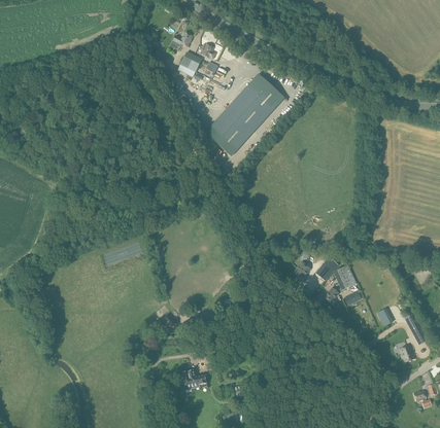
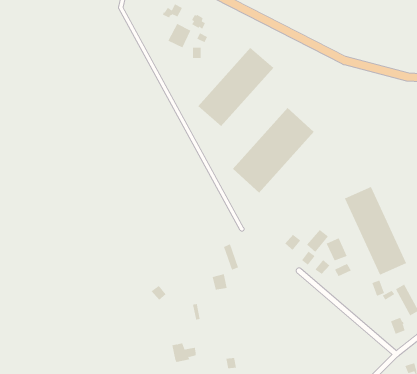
building: none -> [232,107,314,194]
building: none -> [344,186,407,275]

